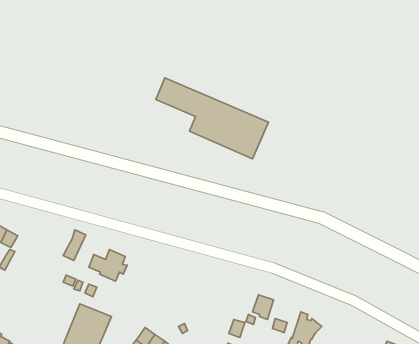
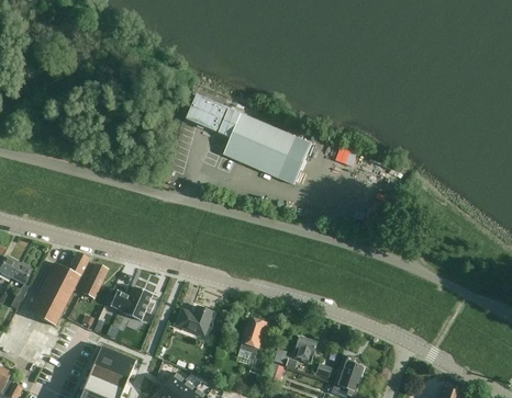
building: none -> [27,251,88,326]
building: none -> [175,306,213,336]
building: none -> [236,317,265,360]

